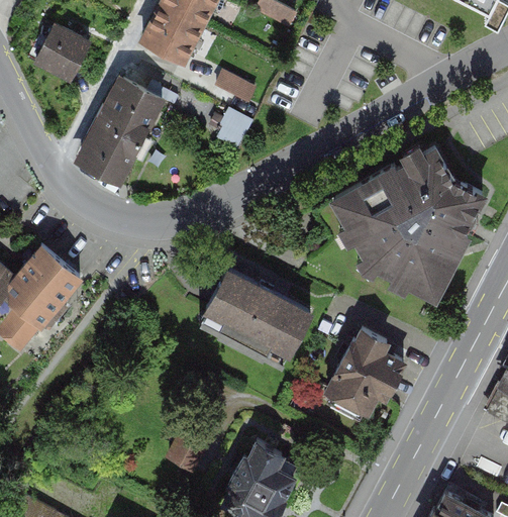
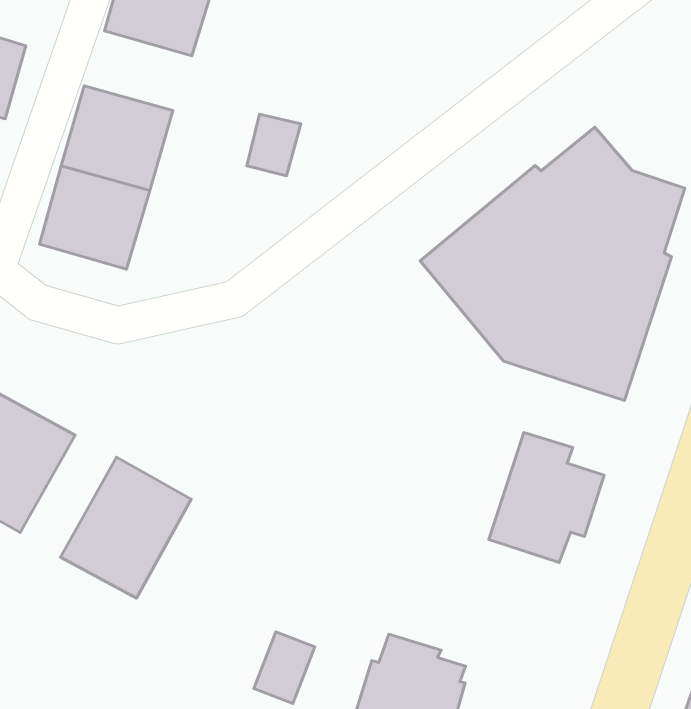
building: [214,71,259,107] -> none
building: [203,269,308,354] -> none
building: none -> [60,457,191,598]

